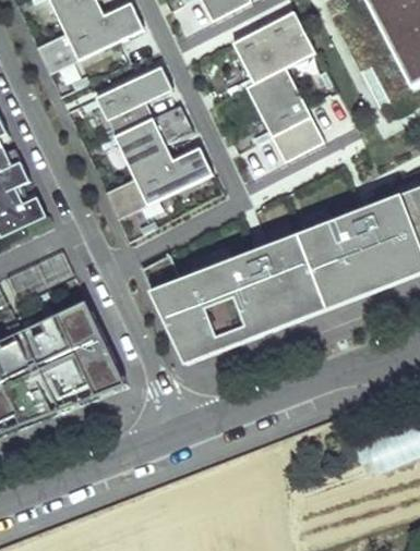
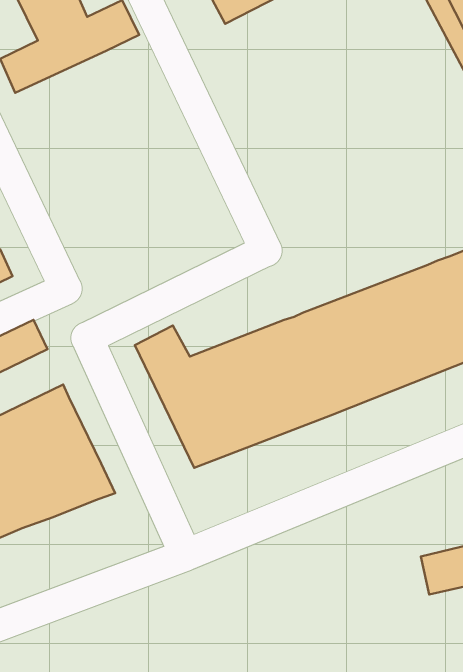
building: [232,12,325,161] -> none
building: [95,66,212,219] -> none

